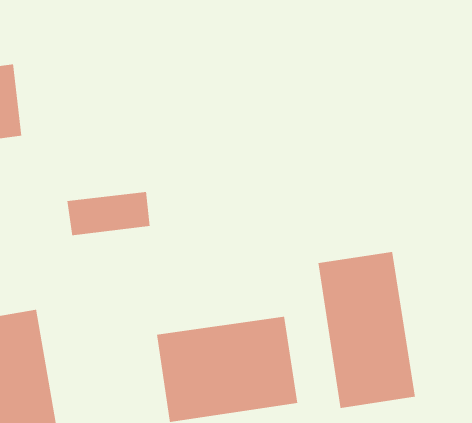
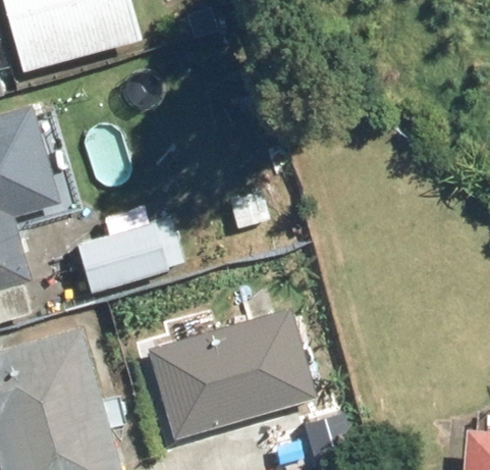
building: [318,251,416,409] -> none

